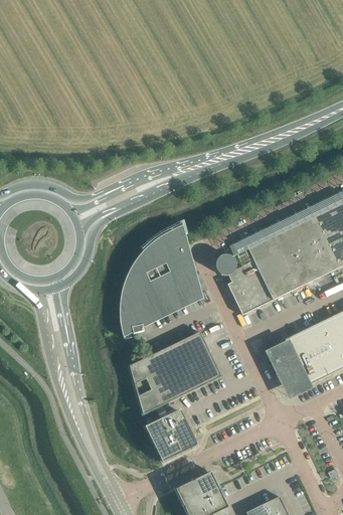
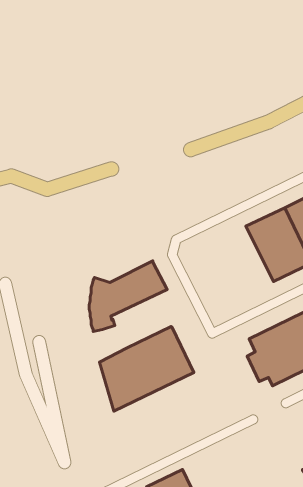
building: [124,226,189,288] -> none
building: [215,232,300,315] -> none
building: [145,409,197,462] -> none

